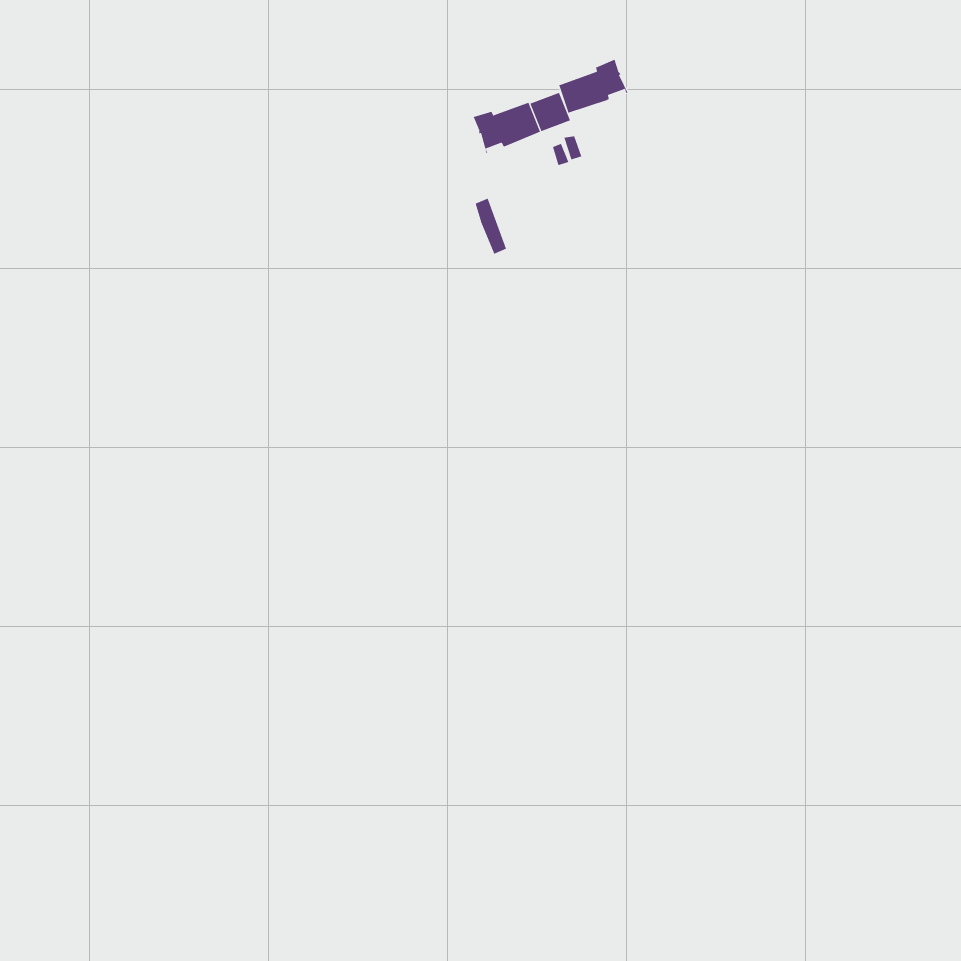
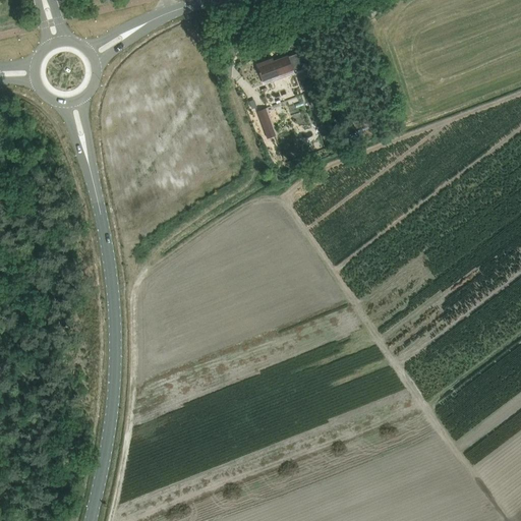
building: [558,59,629,113] -> none

